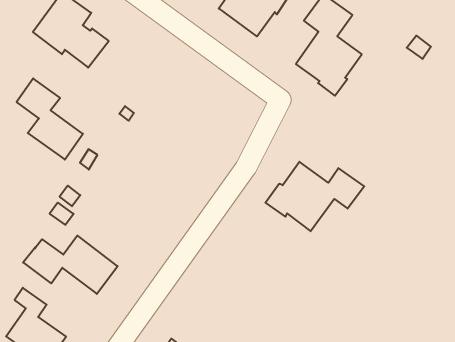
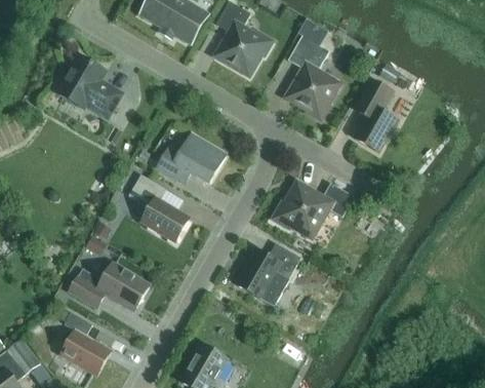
building: none -> [355,79,399,152]
building: [17,78,83,160] -> [129,174,189,241]
building: none -> [156,133,227,184]
building: none -> [237,243,300,298]

